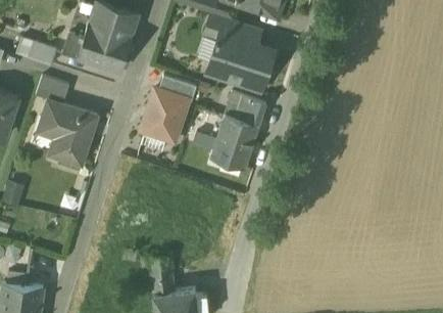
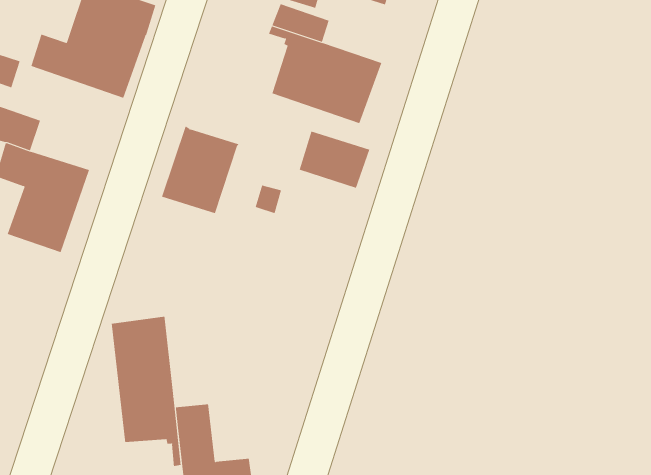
building: [159,75,197,101] -> none
building: [211,115,259,168] -> none
building: none -> [111,316,181,467]

